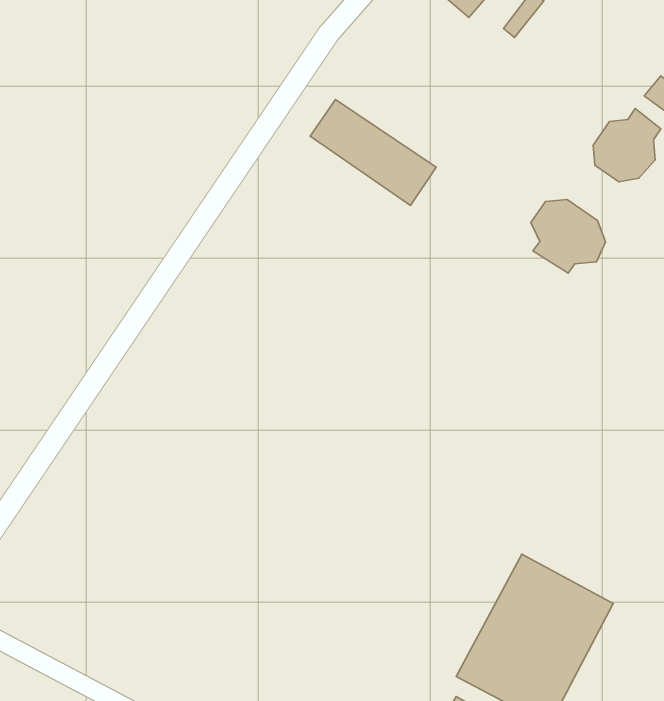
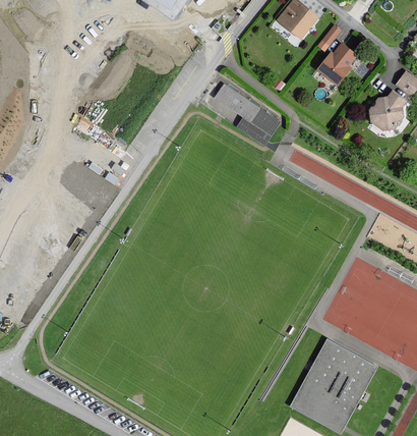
building: none -> [317,44,356,85]
building: [531,200,606,273] -> none

